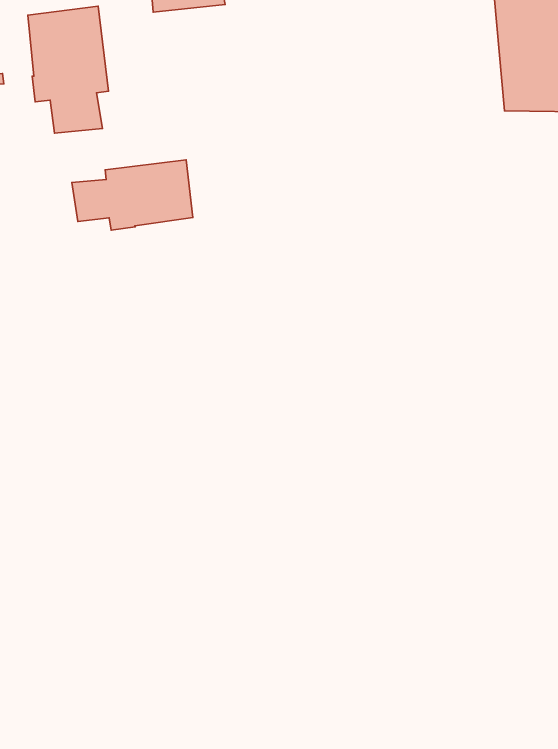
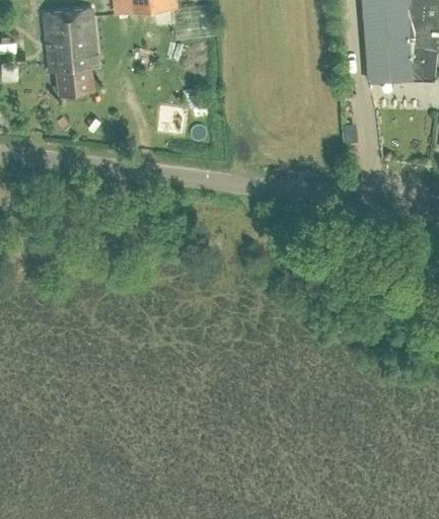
building: [72,160,193,230] -> none

